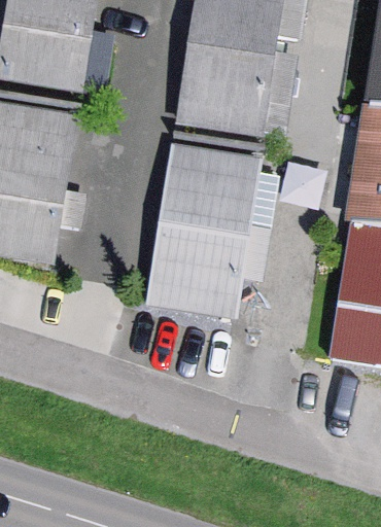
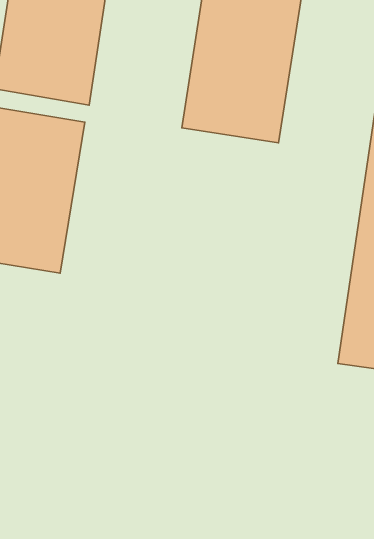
building: [153,142,268,312] -> none

